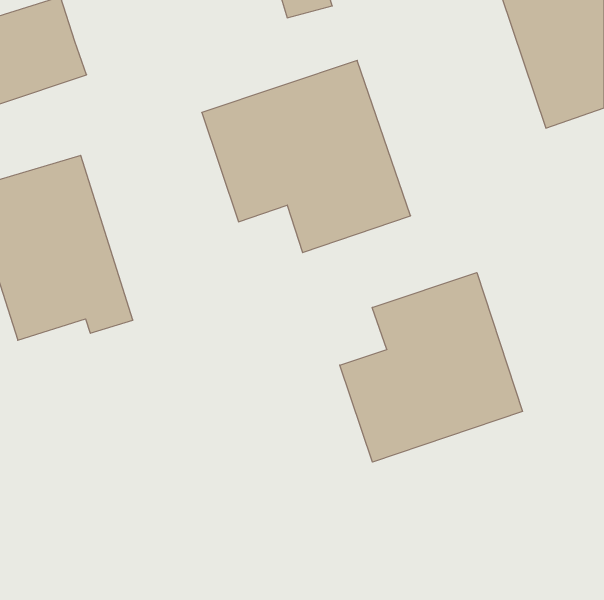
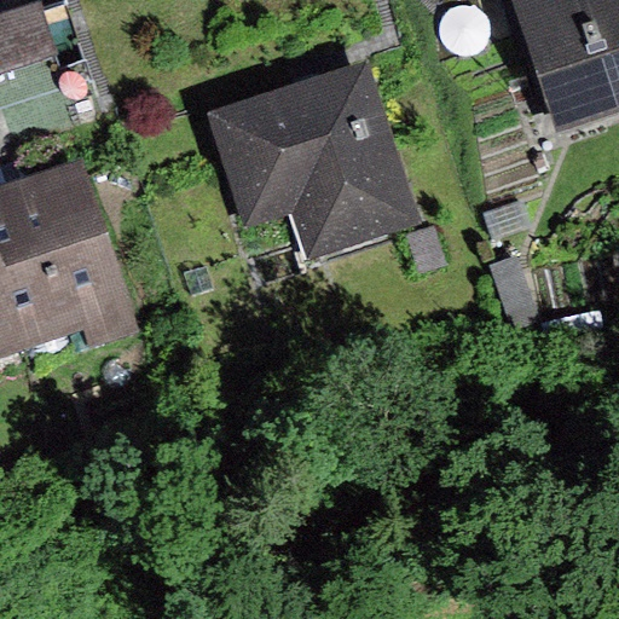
building: [340,273,523,462] -> none

